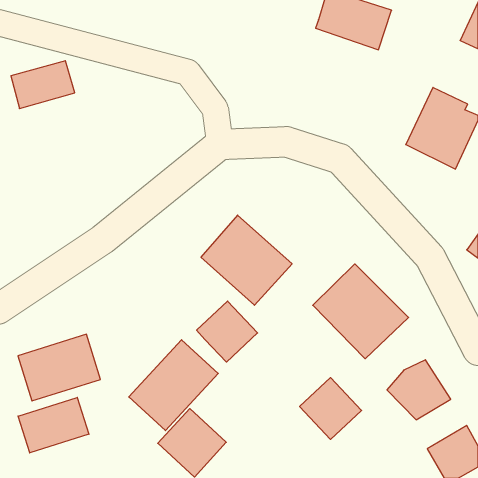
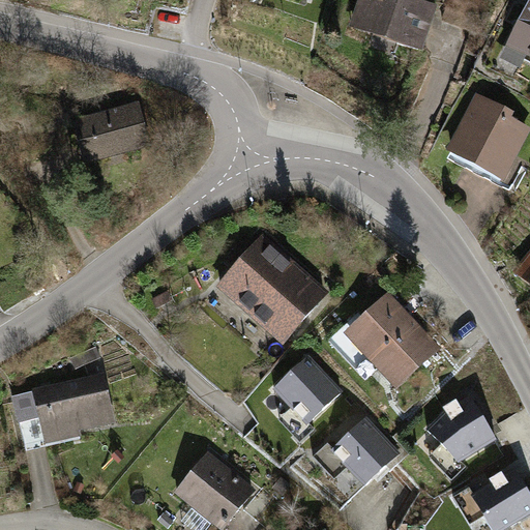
building: [11,61,75,109] -> [78,105,148,157]
building: [197,301,258,362] -> [273,356,341,423]
building: [129,340,218,431] -> none
building: [18,397,89,453] -> none

